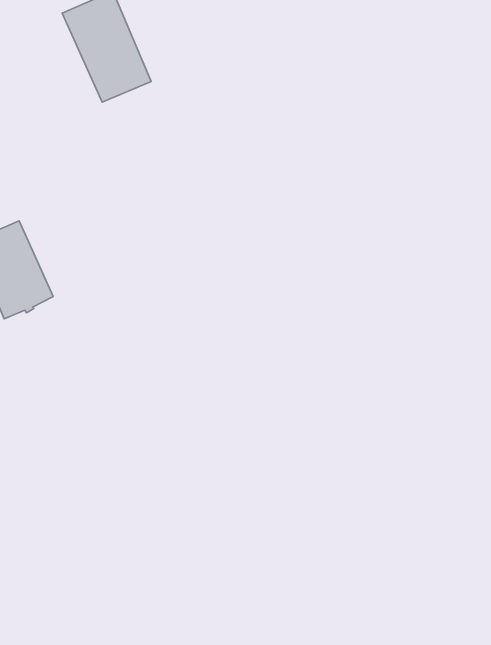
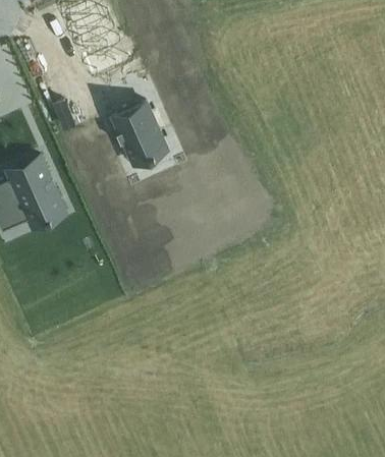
building: none -> [113,102,167,162]

